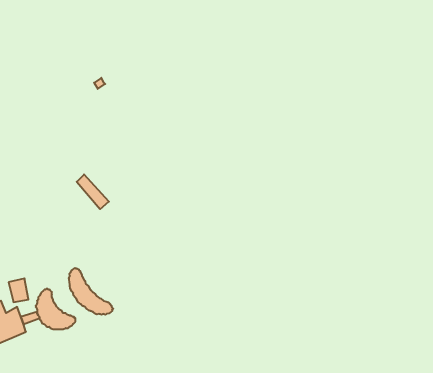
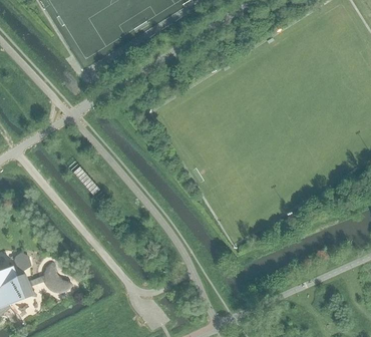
building: [69,268,113,315] -> none

